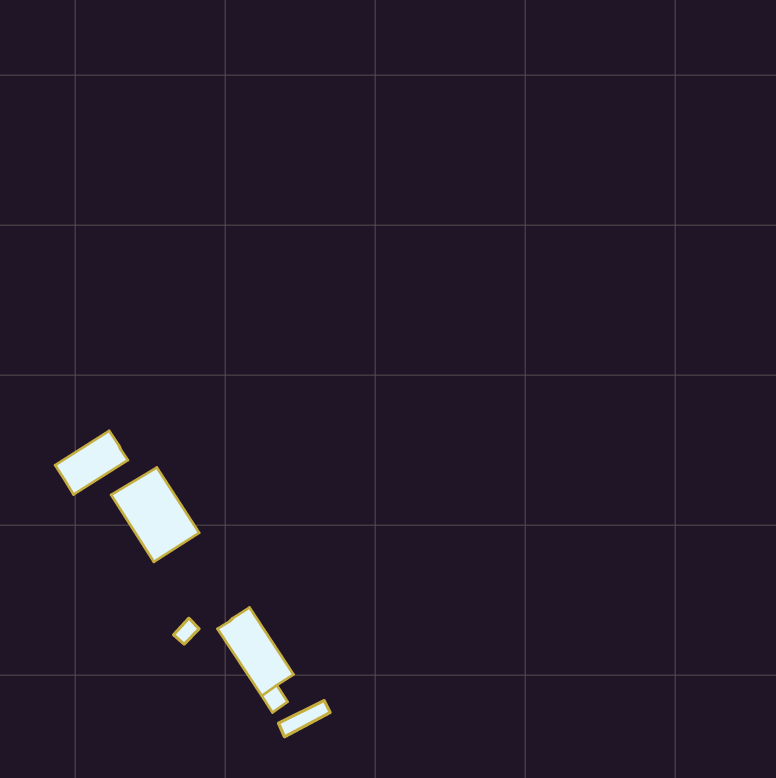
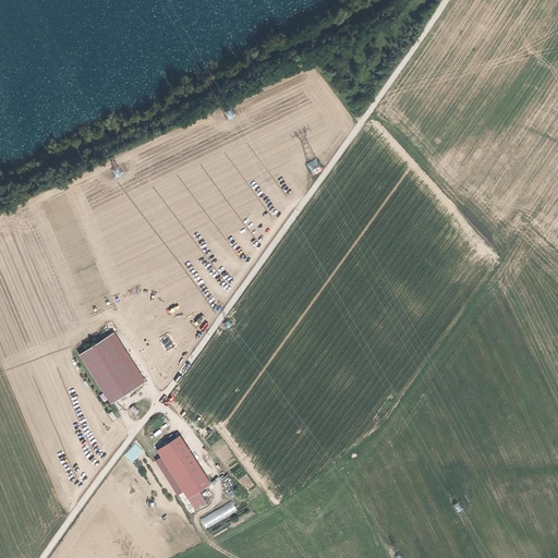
building: [55,431,128,495] -> none

